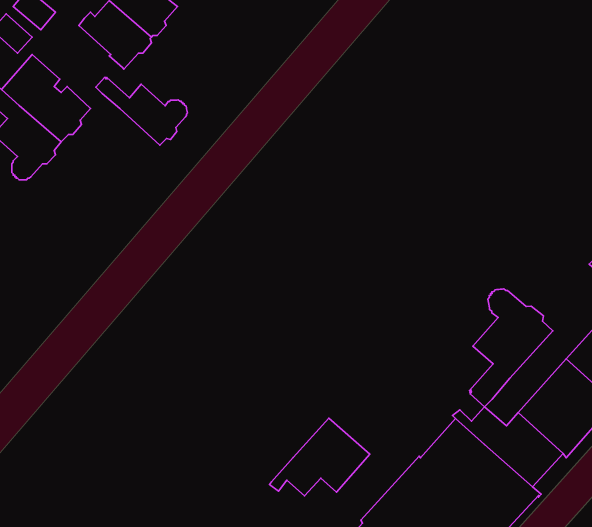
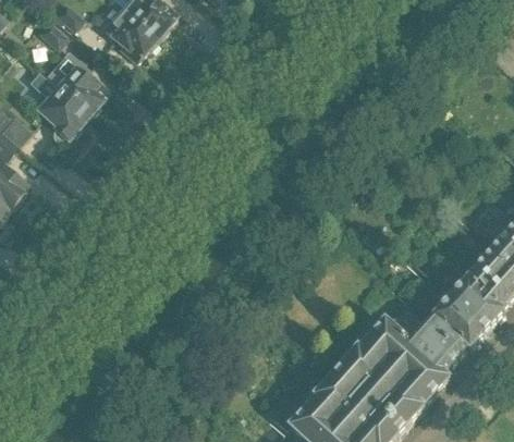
building: [96,77,187,145] -> none
building: [470,289,553,407] -> none
building: [269,418,370,496] -> none

